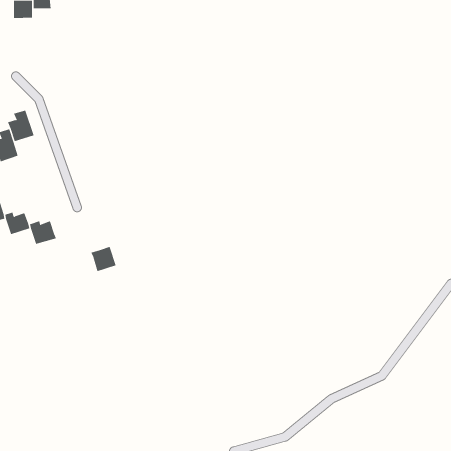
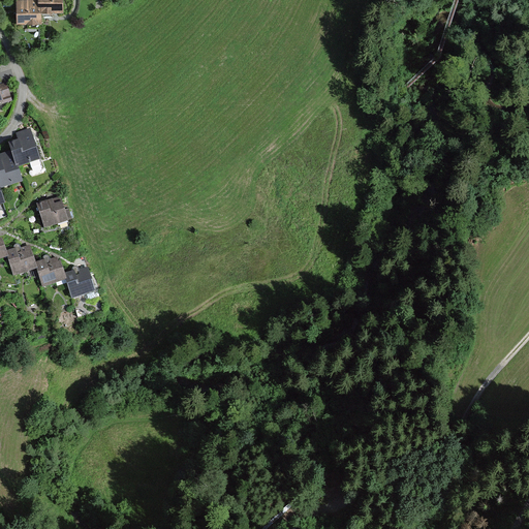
building: none -> [36,195,65,225]
building: [91,246,116,272] -> [64,266,94,295]

